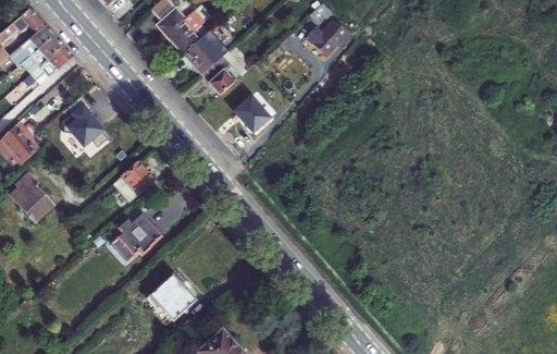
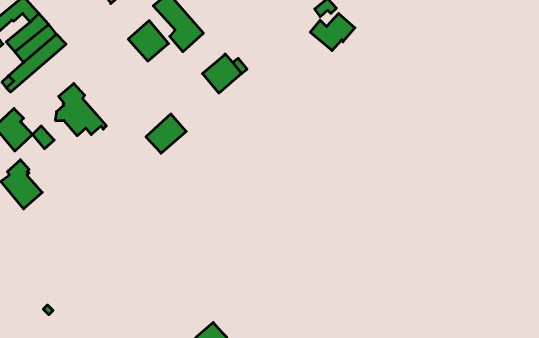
building: [188,44,228,84] -> [128,21,169,61]
building: [239,103,275,139] -> none
building: [113,160,153,199] -> [146,114,186,153]
building: [111,210,159,254] -> none
building: [146,272,195,322] -> none

